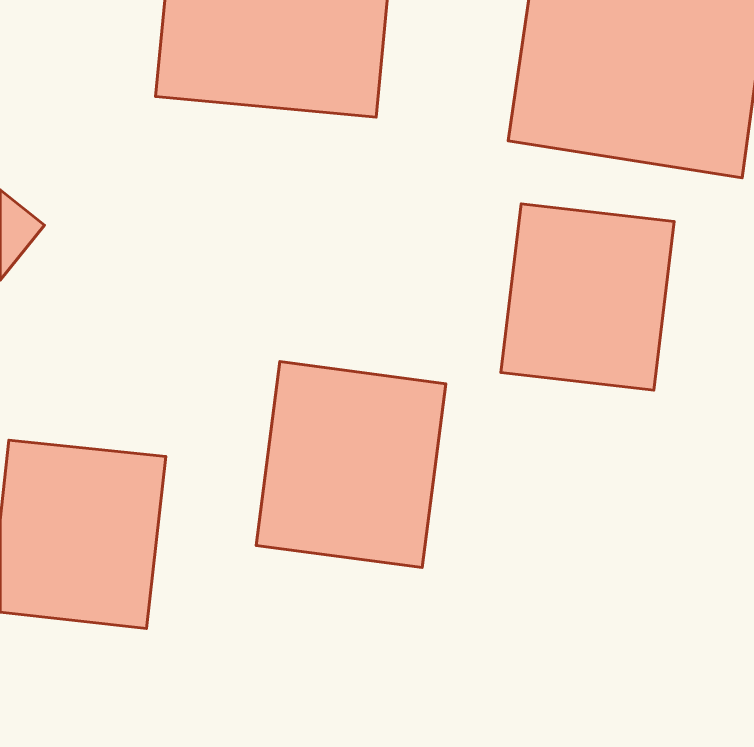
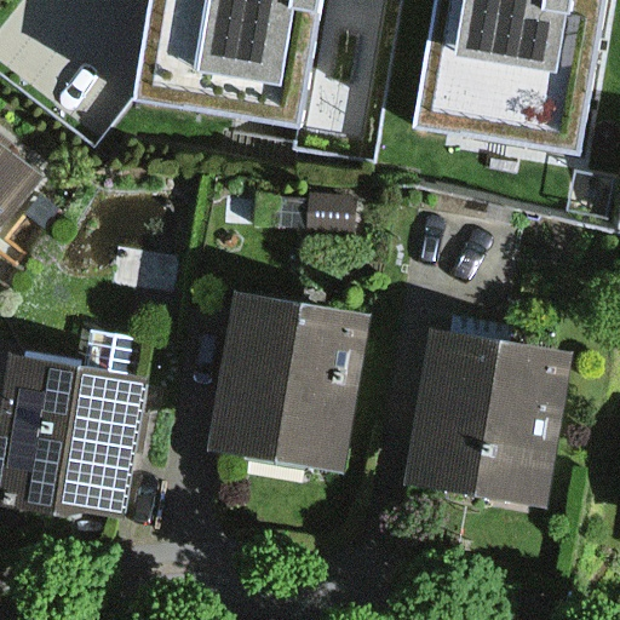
building: [501,204,674,390] -> none
building: none -> [402,326,568,494]

